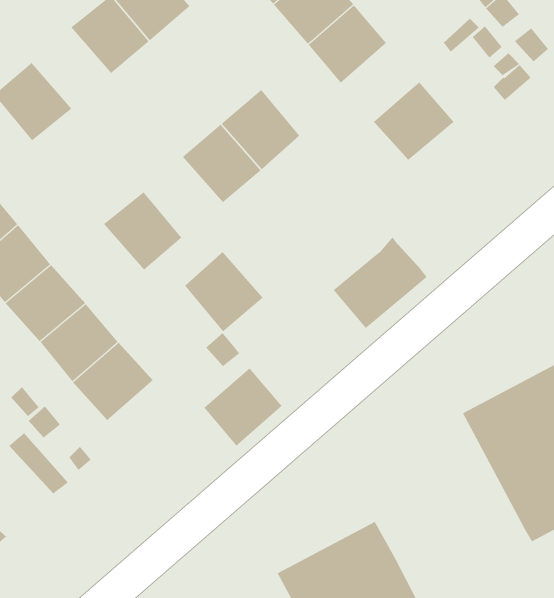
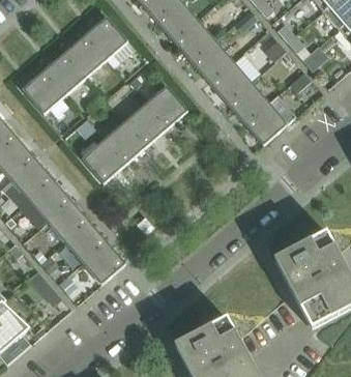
building: none -> [42,52,85,95]
building: none -> [208,53,259,103]
building: [333,236,427,329] -> [244,94,295,144]
building: [184,251,263,332] -> [103,121,145,165]
building: [203,367,283,446] -> [83,241,125,284]

